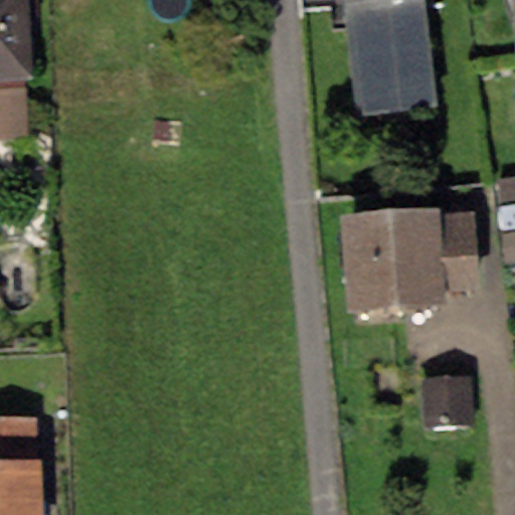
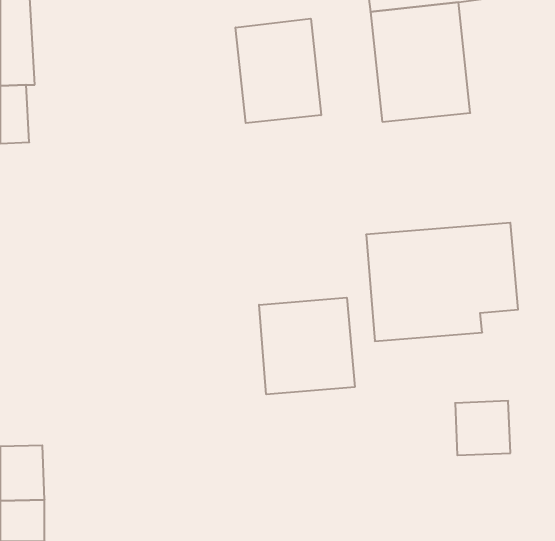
building: none -> [236,19,321,123]
building: none -> [259,298,355,394]

